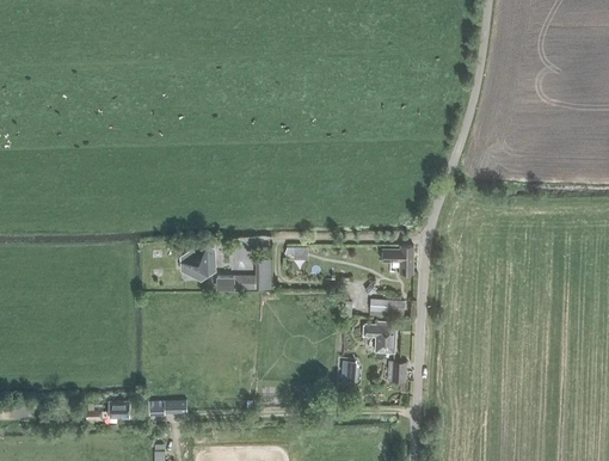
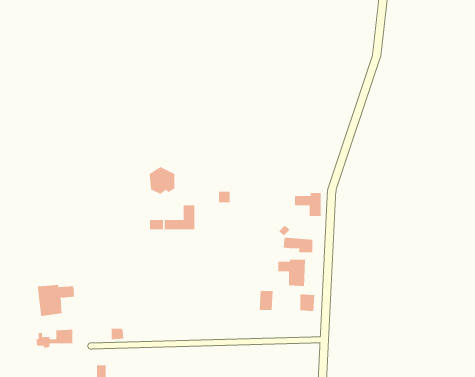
building: [183,246,213,278] -> [149,166,175,195]
building: none -> [37,284,75,317]

